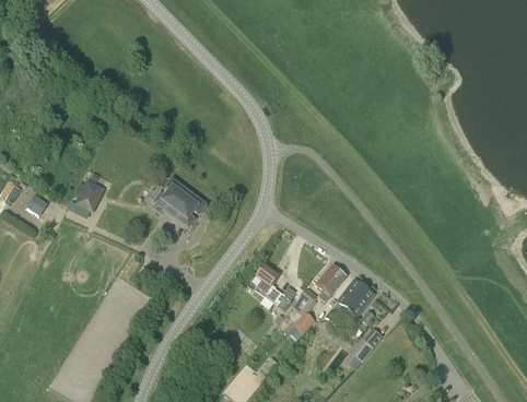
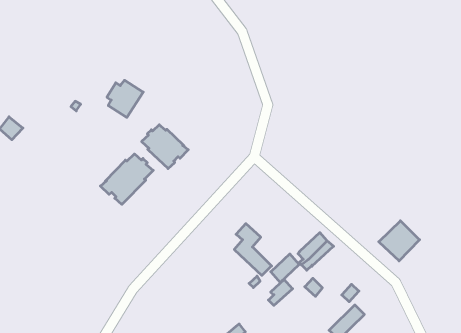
building: [72,178,105,212] -> [107,80,143,117]
building: none -> [100,154,153,204]
building: [337,279,374,316] -> [379,221,420,261]

